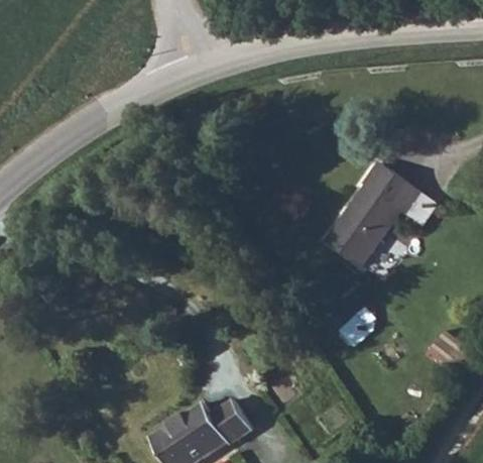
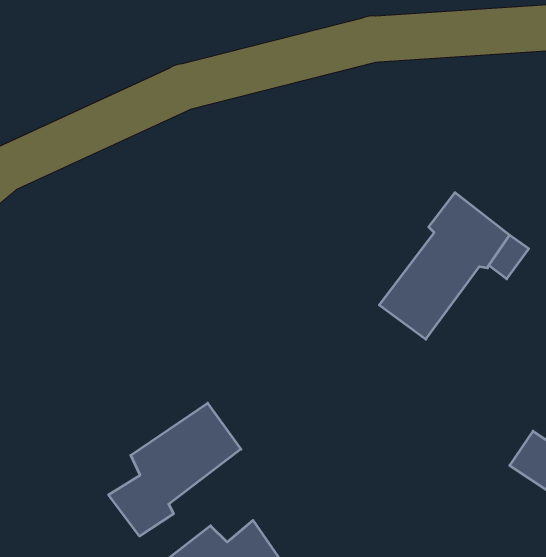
building: none -> [109,403,241,536]

